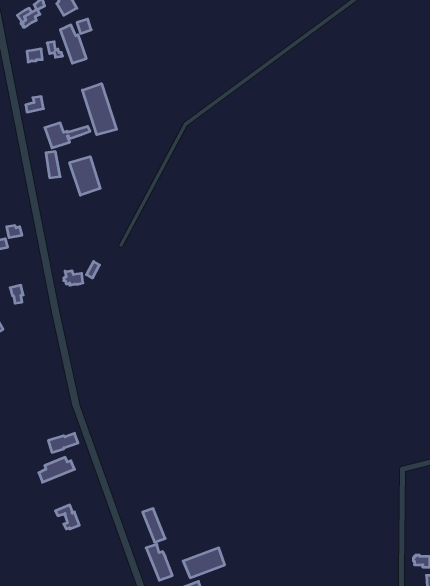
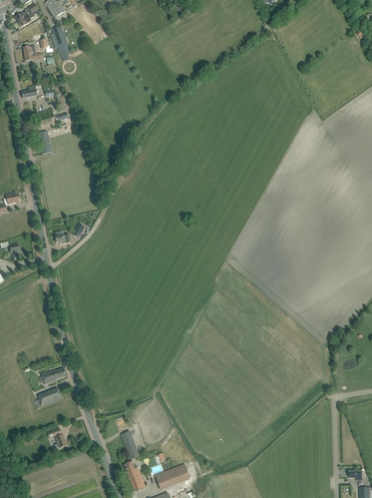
building: [82,84,117,135] -> none
building: [70,157,100,195] -> none

